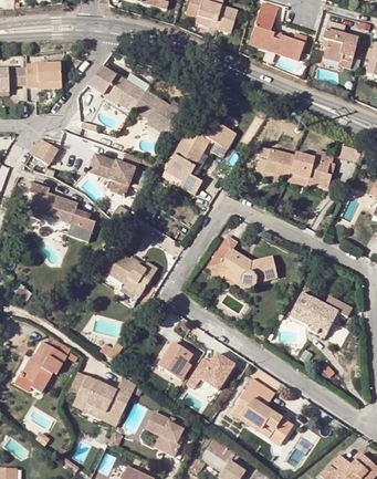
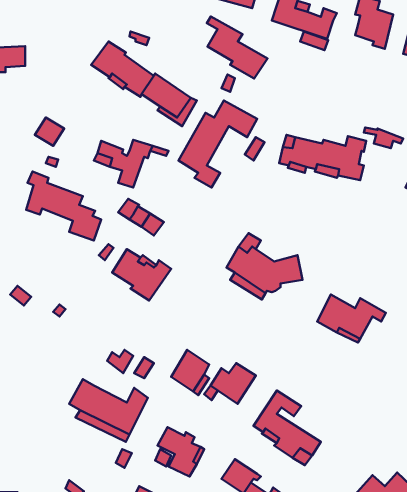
building: none -> [207,16,268,78]
building: [27,64,61,88] -> none
building: [19,336,71,393] -> none

